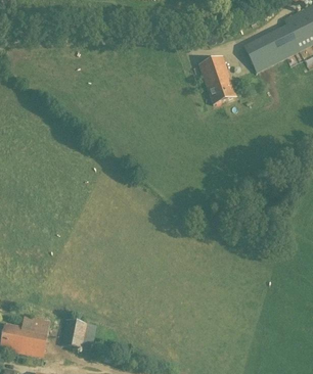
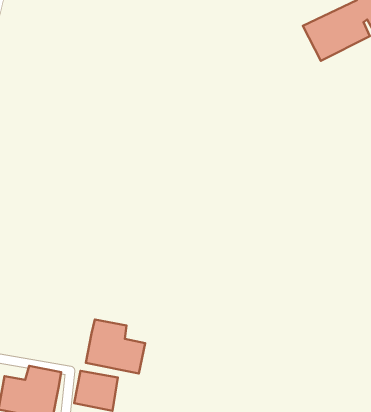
building: [198,54,236,103] -> none
building: none -> [86,320,145,374]

